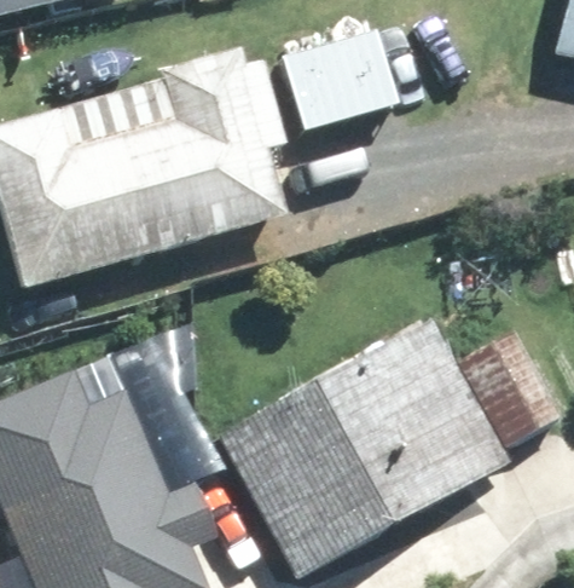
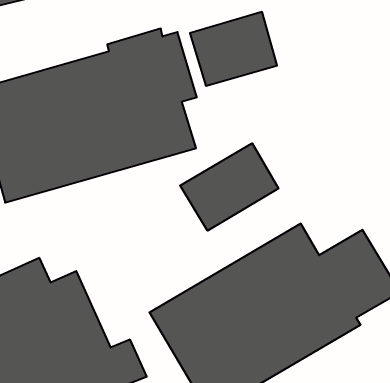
building: none -> [180,143,278,231]

